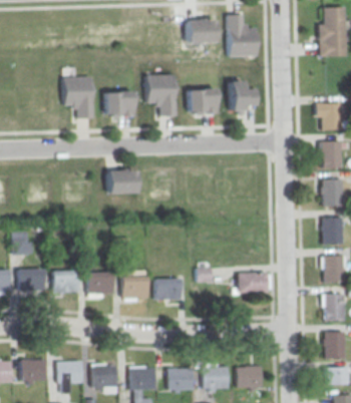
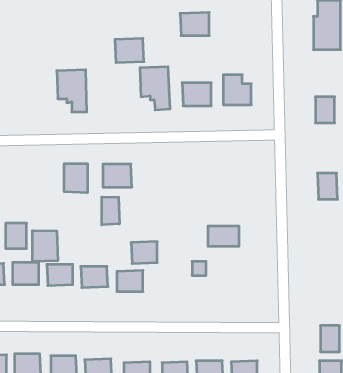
building: [227,14,257,57] -> none
building: [104,90,133,114] -> [115,38,144,63]
building: [322,141,342,168] -> none
building: none -> [64,164,87,193]
building: none -> [102,197,119,225]
building: [323,218,343,244] -> none
building: none -> [32,231,58,262]
building: [325,256,344,282] -> none
building: [239,273,270,293] -> [208,226,239,246]
building: [154,278,181,300] -> [131,242,157,264]
building: [325,294,344,320] -> none

